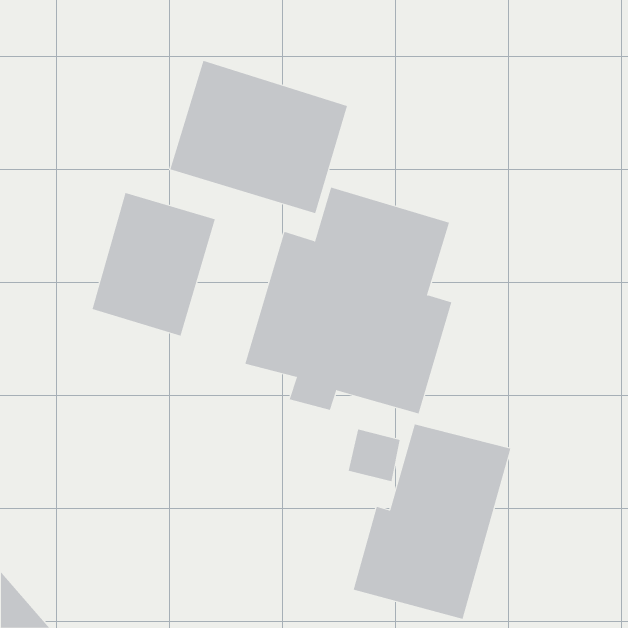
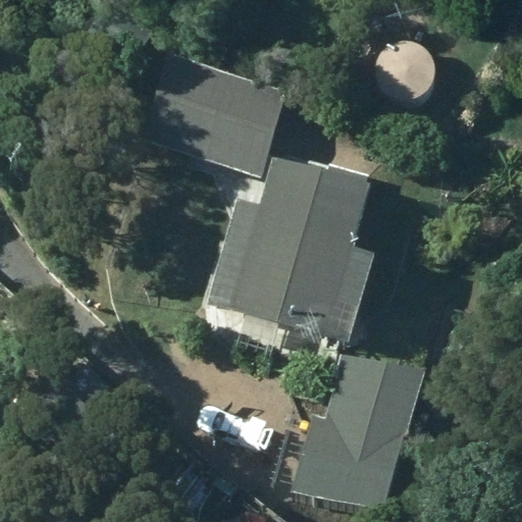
building: [92,192,216,336] -> none

